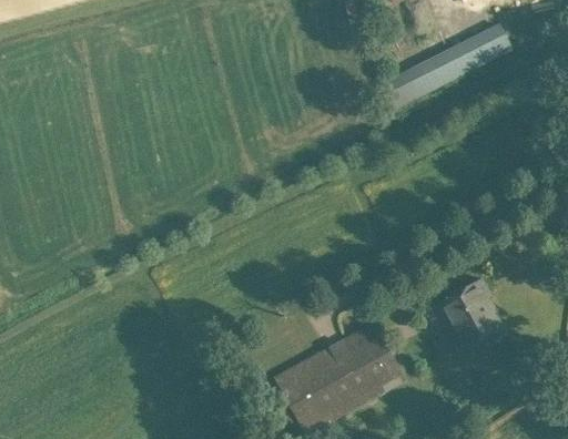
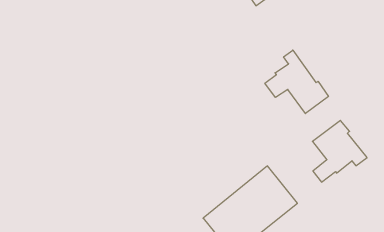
building: none -> [265,50,328,114]

